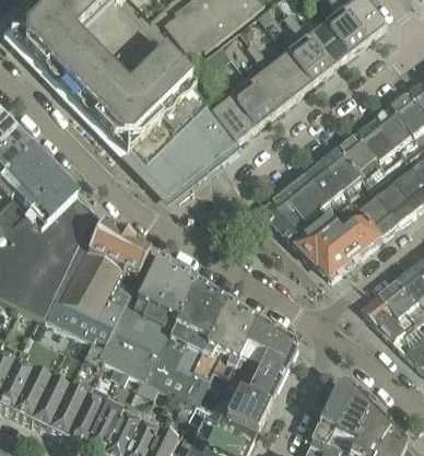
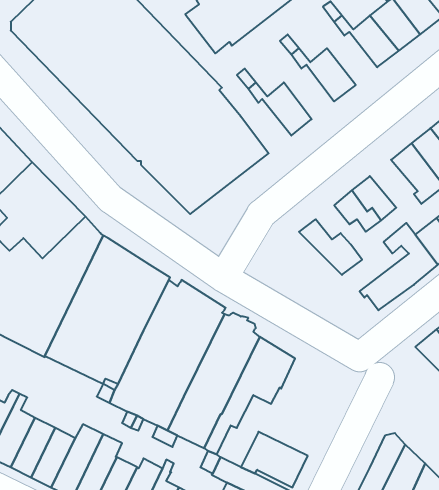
building: [285,35,329,81] -> none
building: [248,63,292,110] -> none
building: [211,93,255,140] -> none
building: [322,145,364,187] -> none
building: [275,185,319,219] -> none
building: [298,217,356,259] -> none
building: [226,317,295,401] -> none

